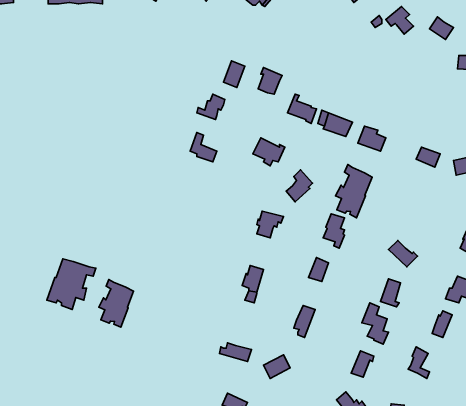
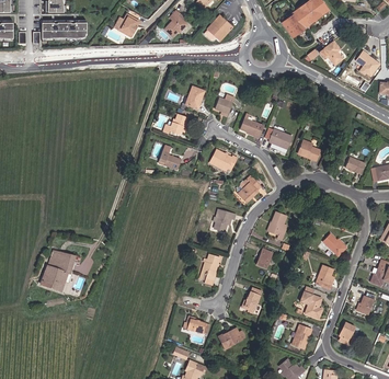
building: [336,165,372,218] -> none
building: [99,279,133,327] -> none

